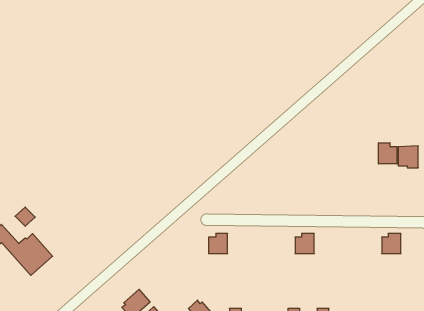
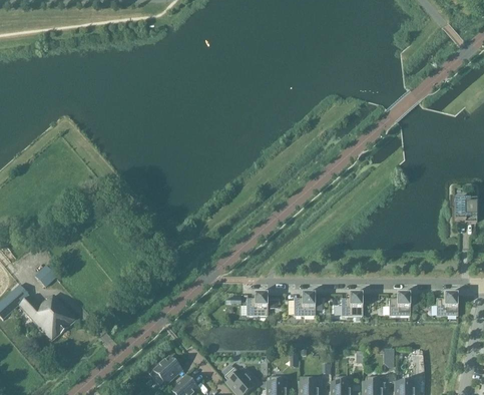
building: [379,143,397,164] -> none
building: none -> [294,294,315,316]
building: none -> [389,294,410,316]

